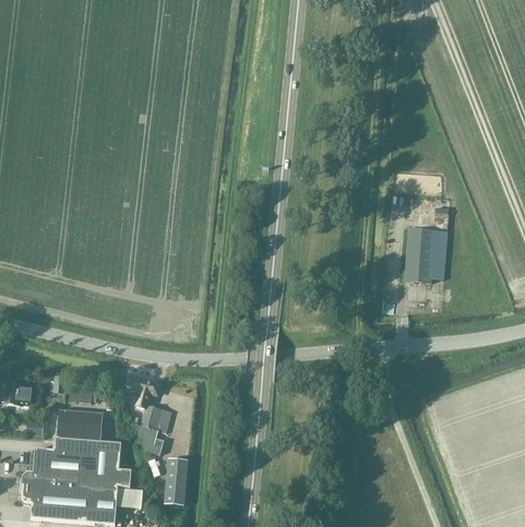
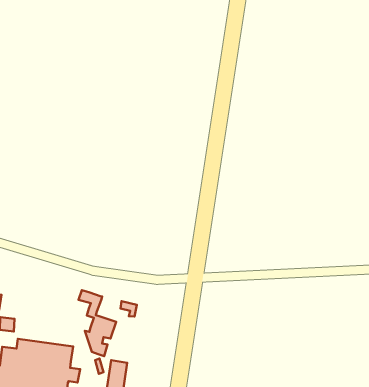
building: [405,228,448,283] -> none
building: [58,410,104,440] -> none

